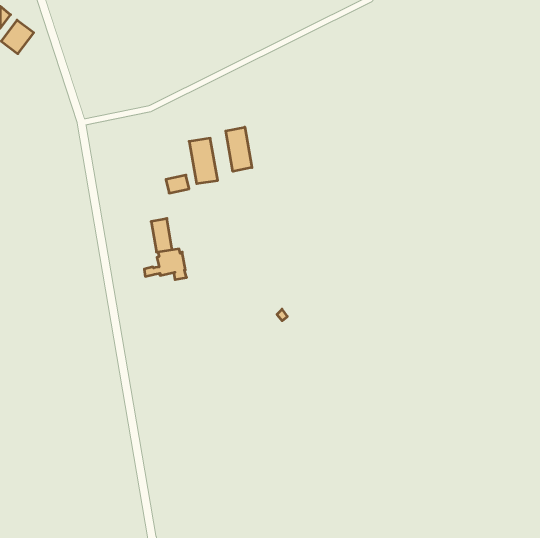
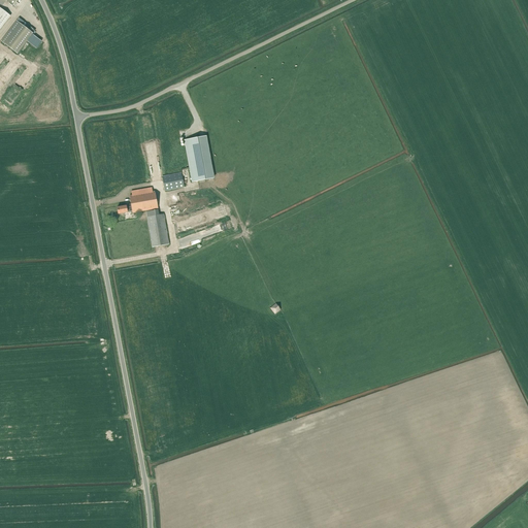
building: [226,127,252,171] -> none
building: [144,249,187,280] -> [118,187,159,217]

